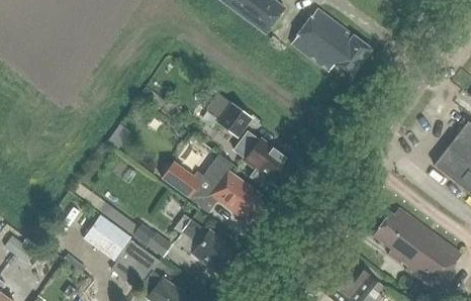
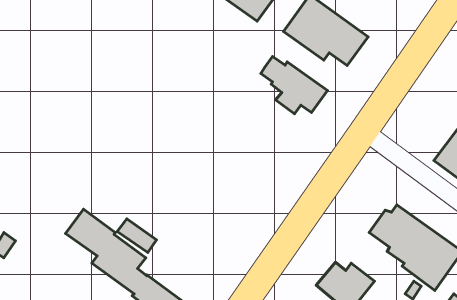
building: [214,101,250,136] -> none
building: [233,132,297,187] -> [261,57,327,114]
building: [161,152,268,221] -> none
building: [181,218,236,272] -> none

